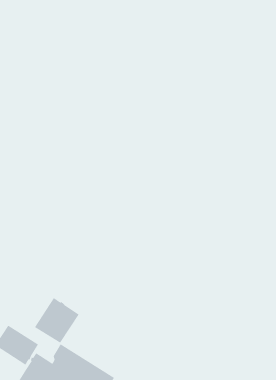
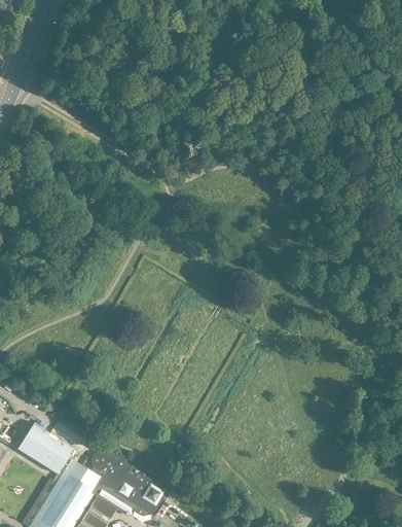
building: [34,297,79,344] -> none

